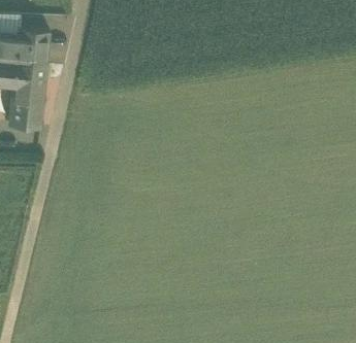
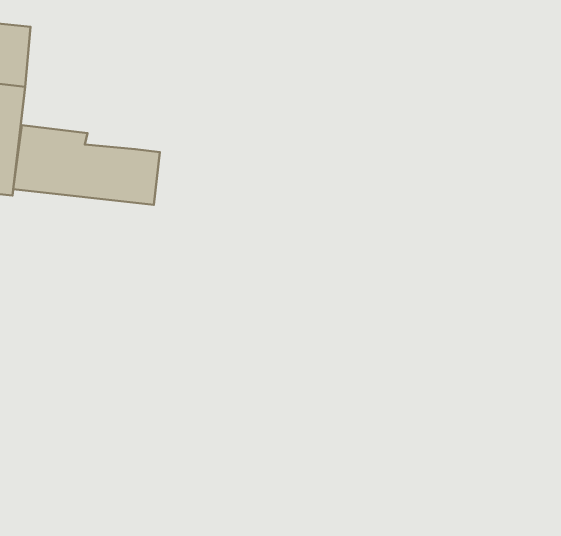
building: none -> [13,125,160,205]

